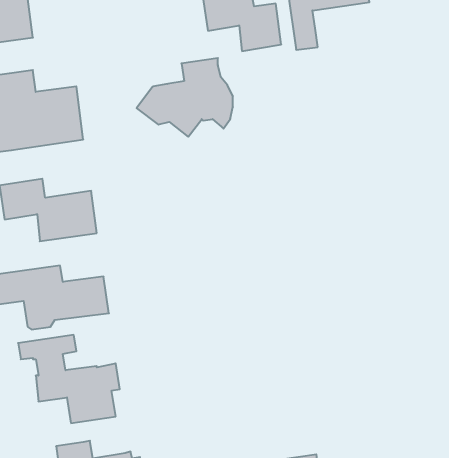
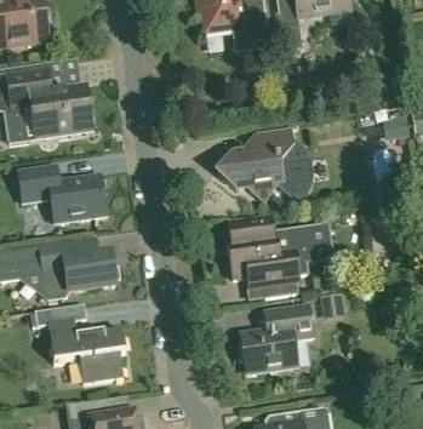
building: [137,58,233,137] -> [217,127,303,198]
building: none -> [227,213,319,296]
building: none -> [240,304,313,373]

